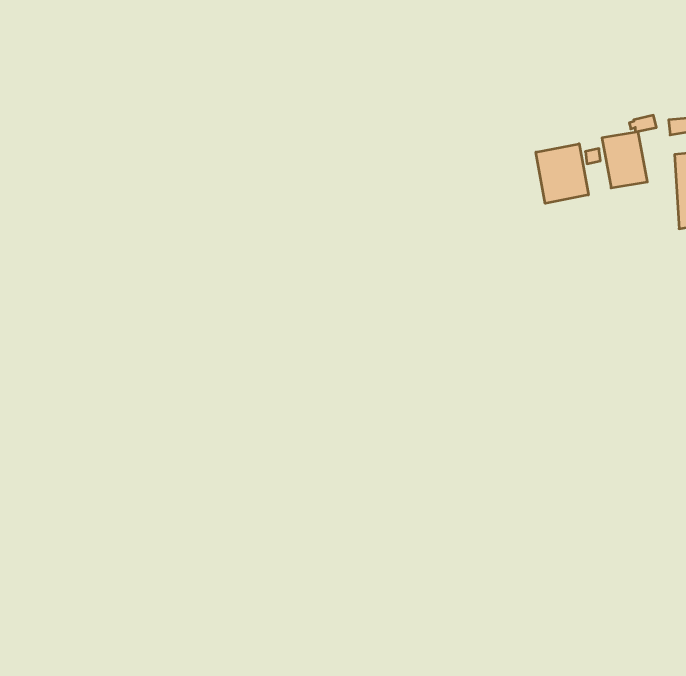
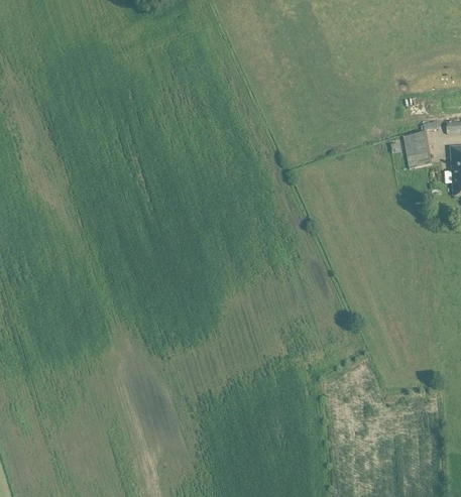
building: [536,144,588,203] -> none

